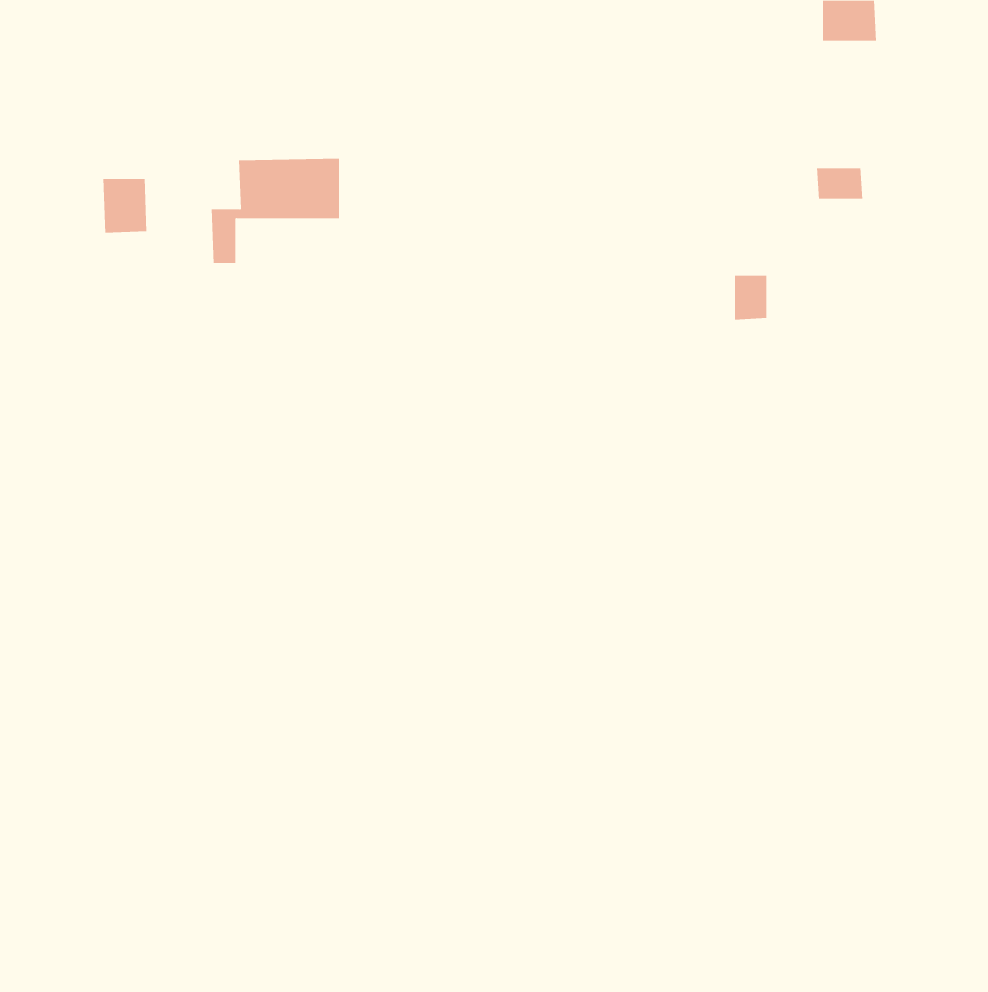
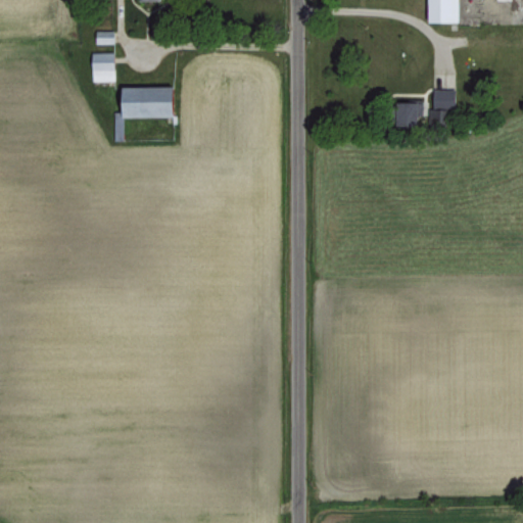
building: [102,179,147,233] -> [90,53,113,82]
building: [734,275,767,320] -> [400,102,418,126]

